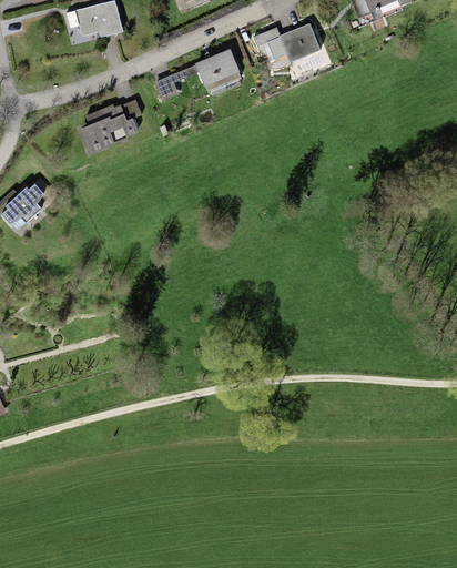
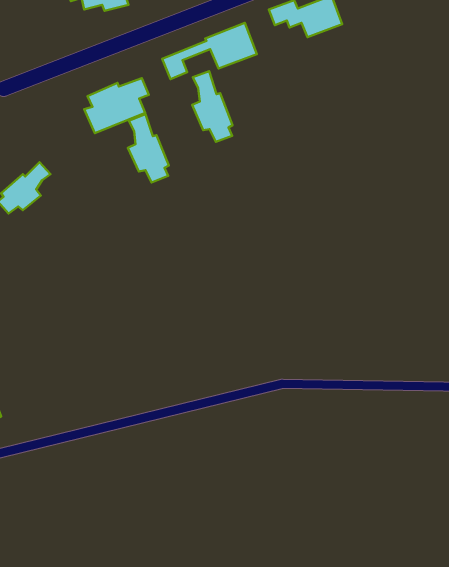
building: none -> [192,71,233,142]
building: none -> [128,114,169,182]

